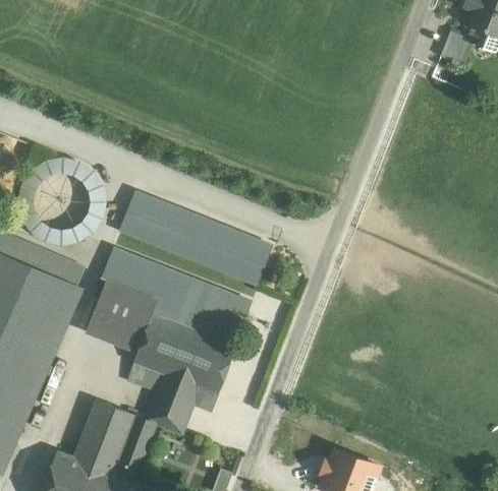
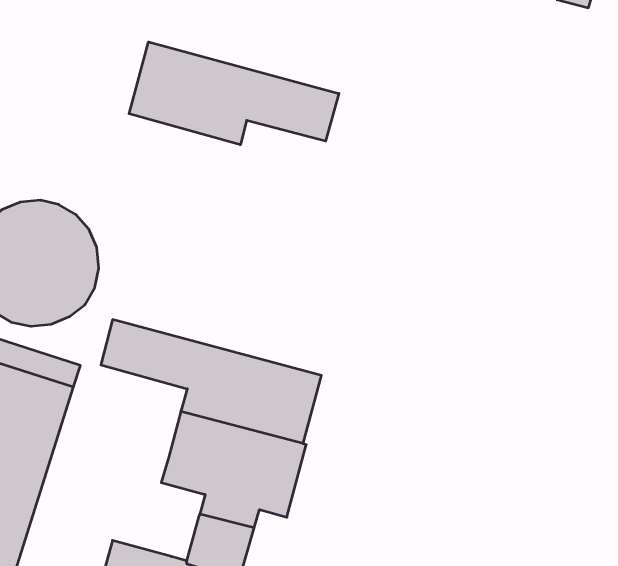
building: none -> [129,42,339,145]
building: [119,191,272,286] -> none
building: [82,278,158,346] -> none
building: [127,363,163,389] -> none

